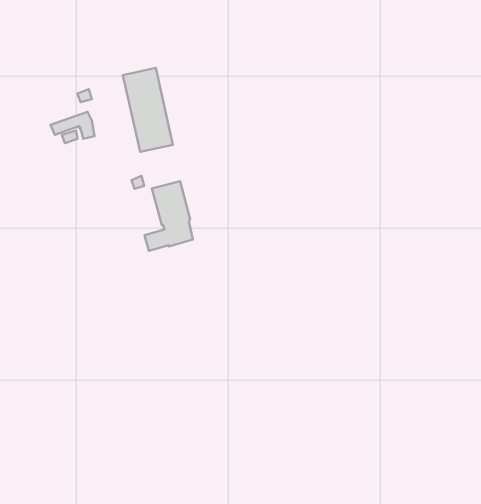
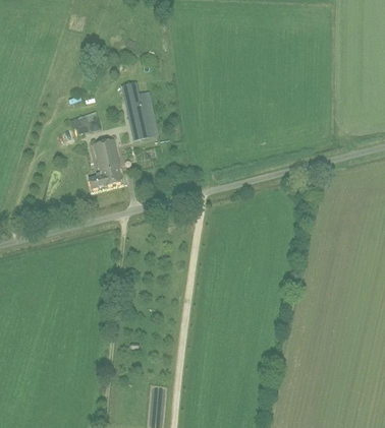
building: [145,181,193,251] -> [89,138,123,188]

